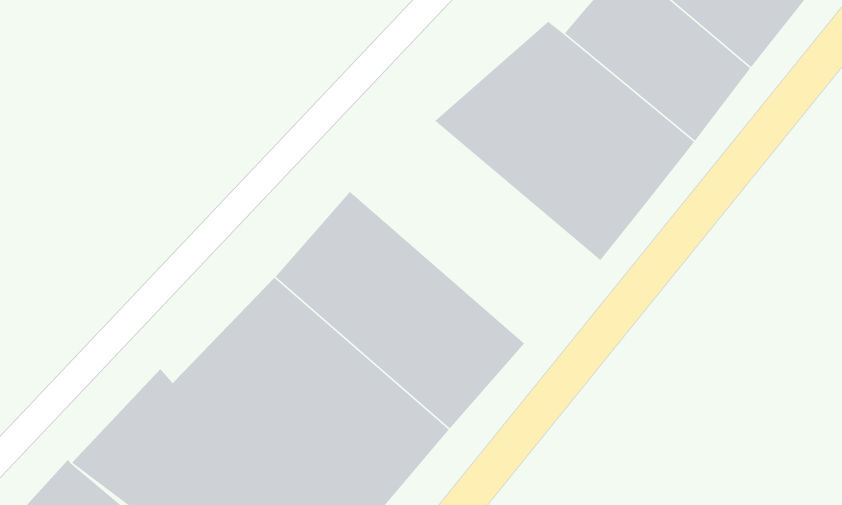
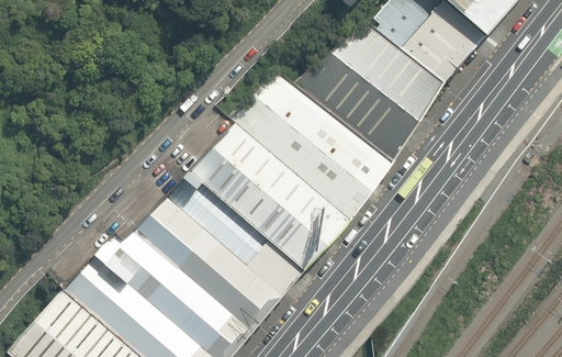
building: none -> [234,69,394,220]

